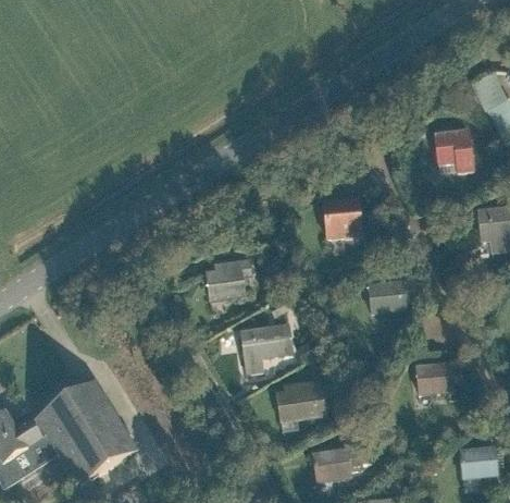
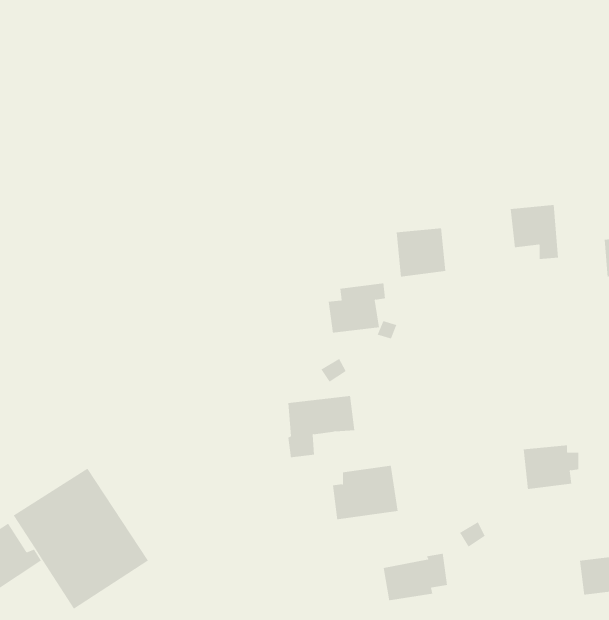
building: [435,132,472,173] -> [510,204,559,259]
building: [206,260,249,298] -> [328,283,386,333]
building: [369,279,418,312] -> none

